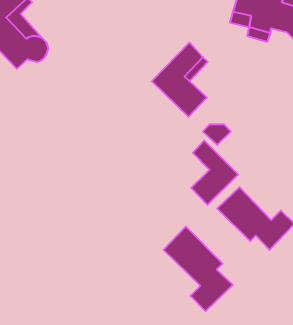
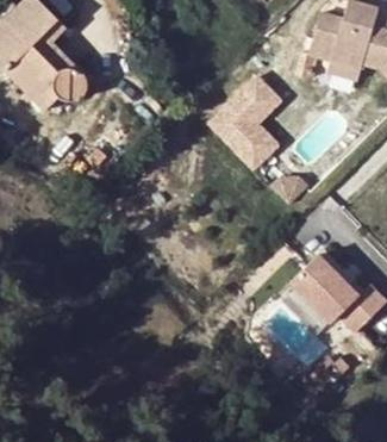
building: [191,140,238,205] -> none
building: [164,227,233,311] -> none

